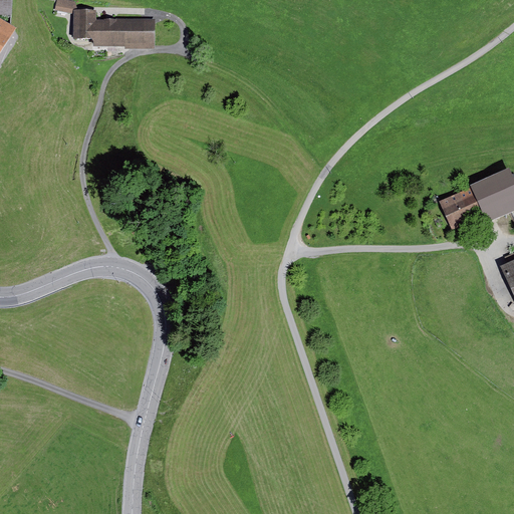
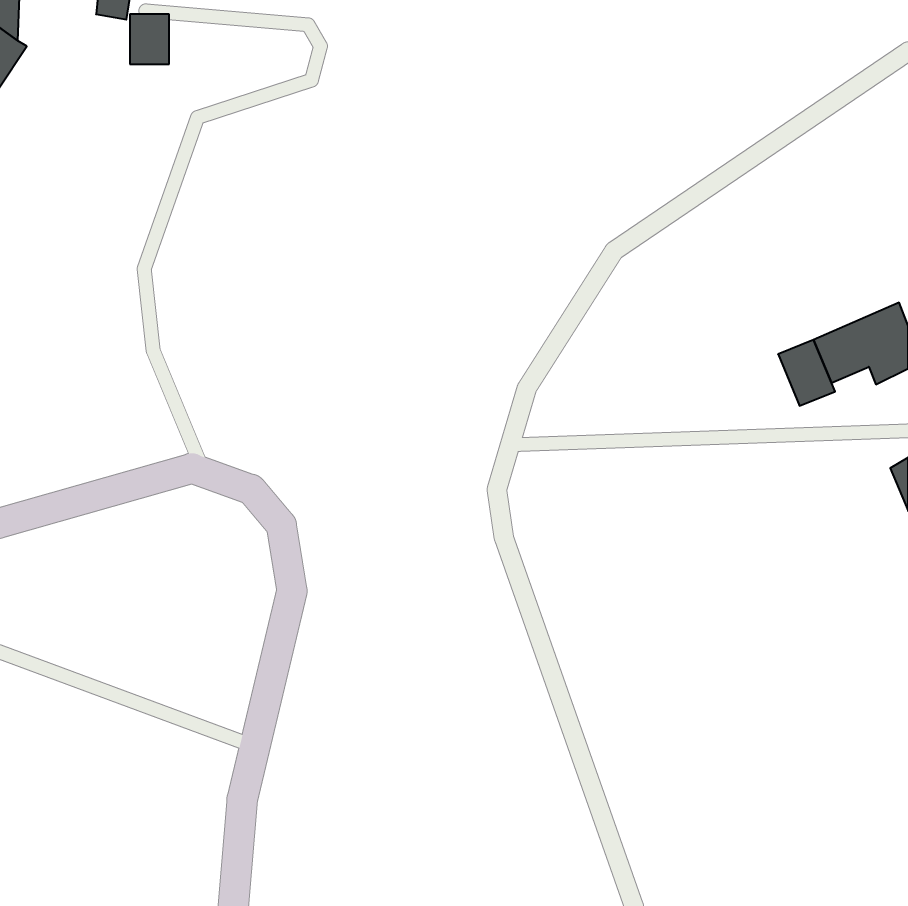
building: [95,19,154,47] -> none

